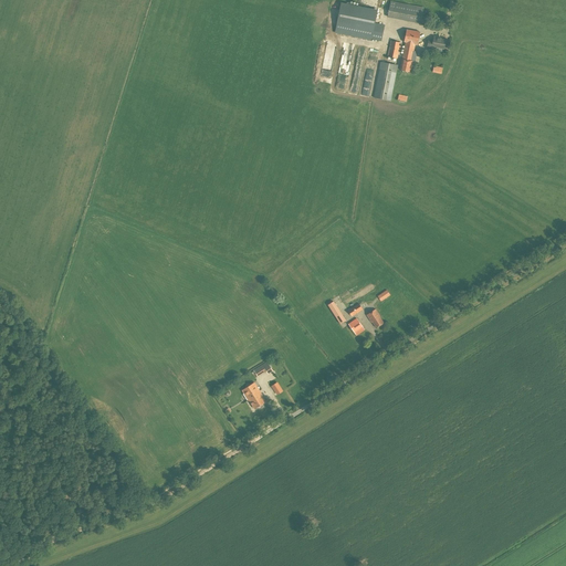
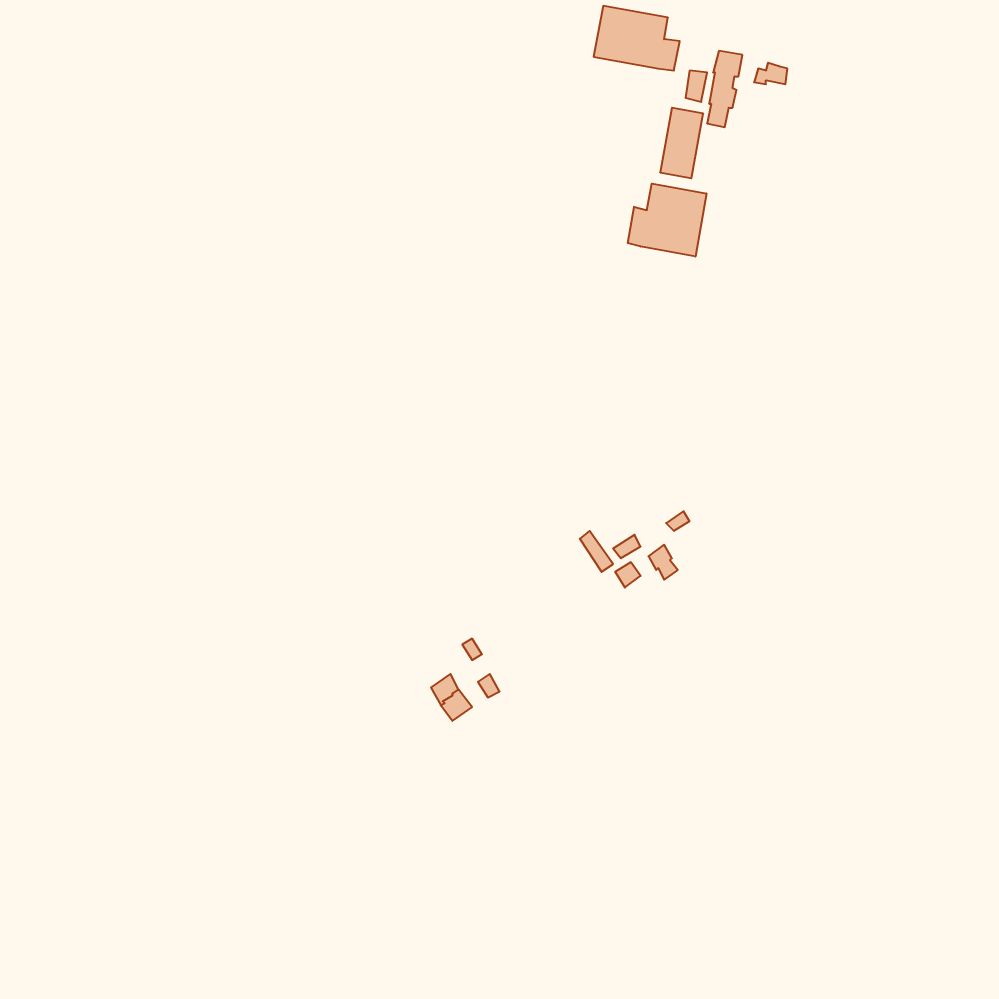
building: none -> [628,184,706,257]

